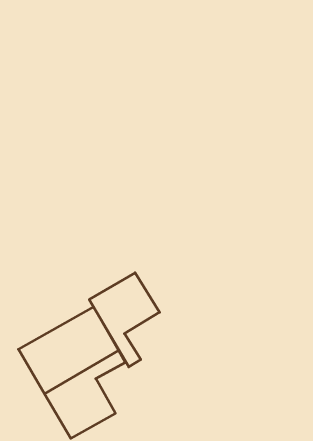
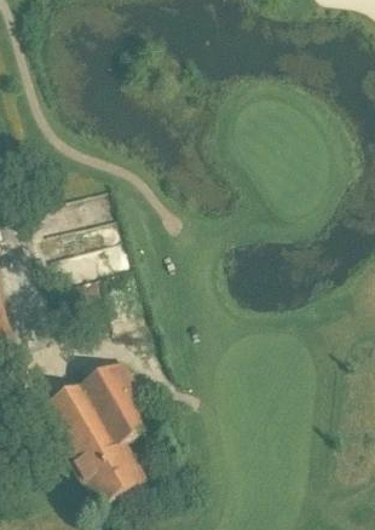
building: [89,273,160,367] -> none

